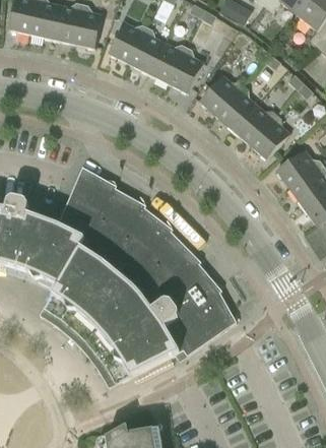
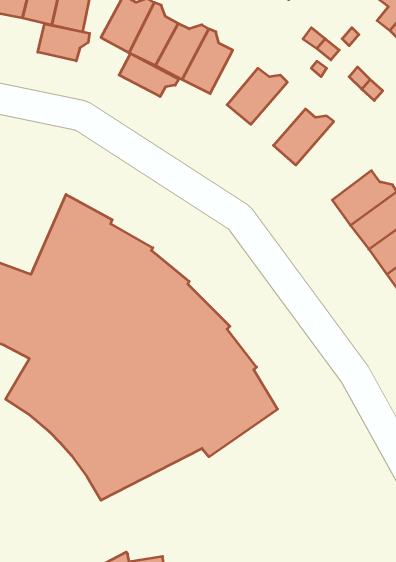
building: none -> [38,24,90,61]
building: none -> [119,54,179,97]
building: [216,85,256,131] -> none
building: [249,114,289,159] -> none

